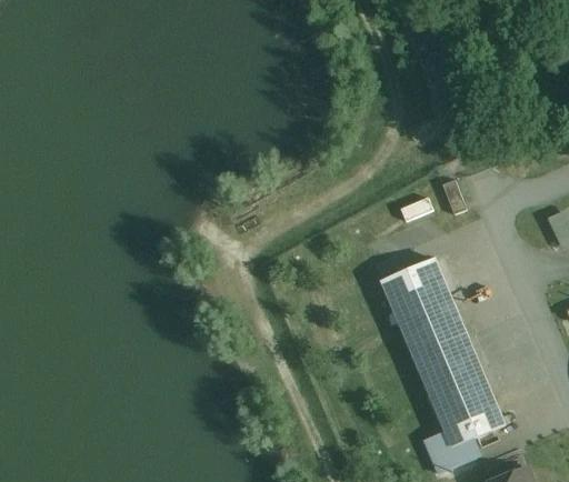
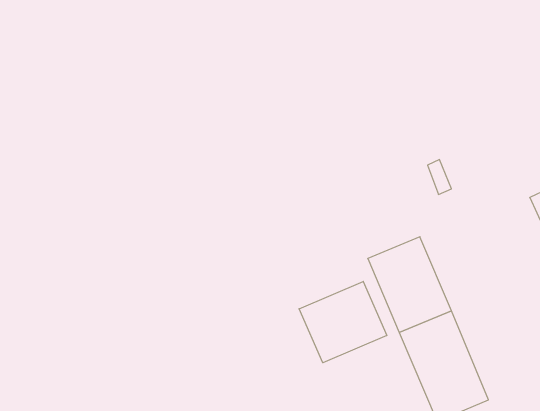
building: none -> [299,281,387,363]

